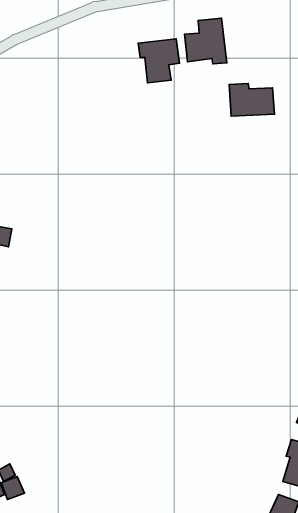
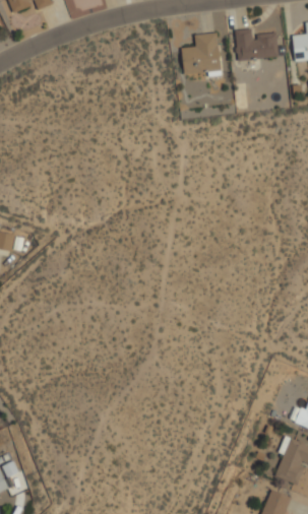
building: [138,39,180,83] -> none
building: [229,83,275,116] -> [235,28,279,60]

